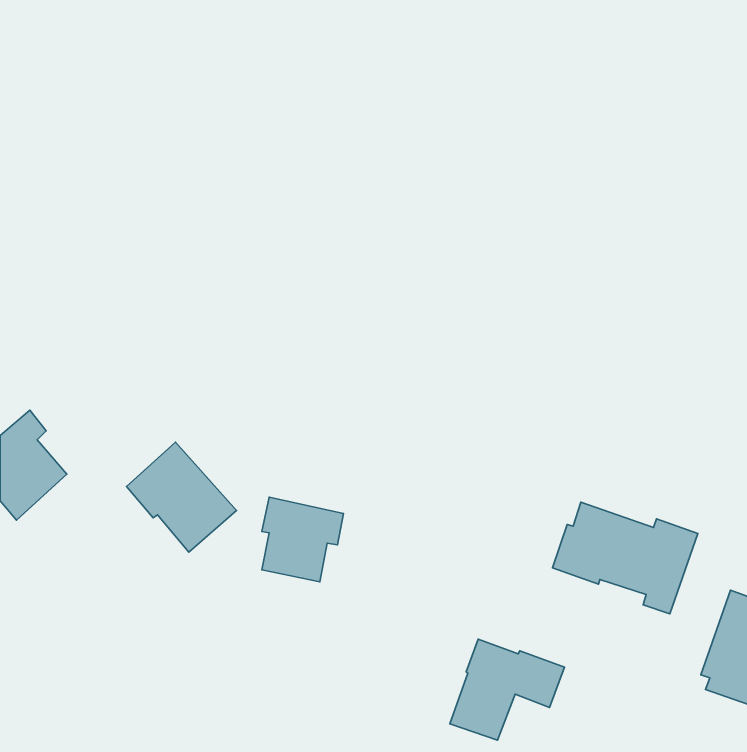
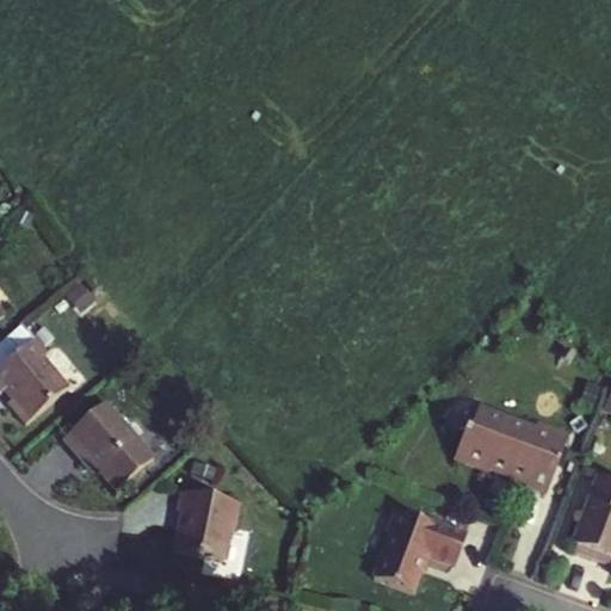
building: [126,442,236,552] -> [62,400,150,488]
building: [262,497,343,582] -> [185,490,251,558]

